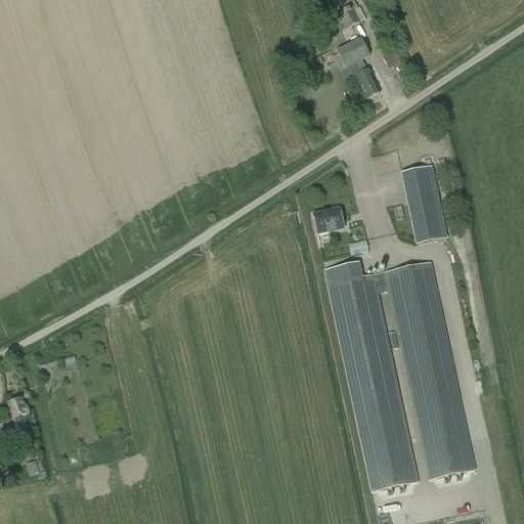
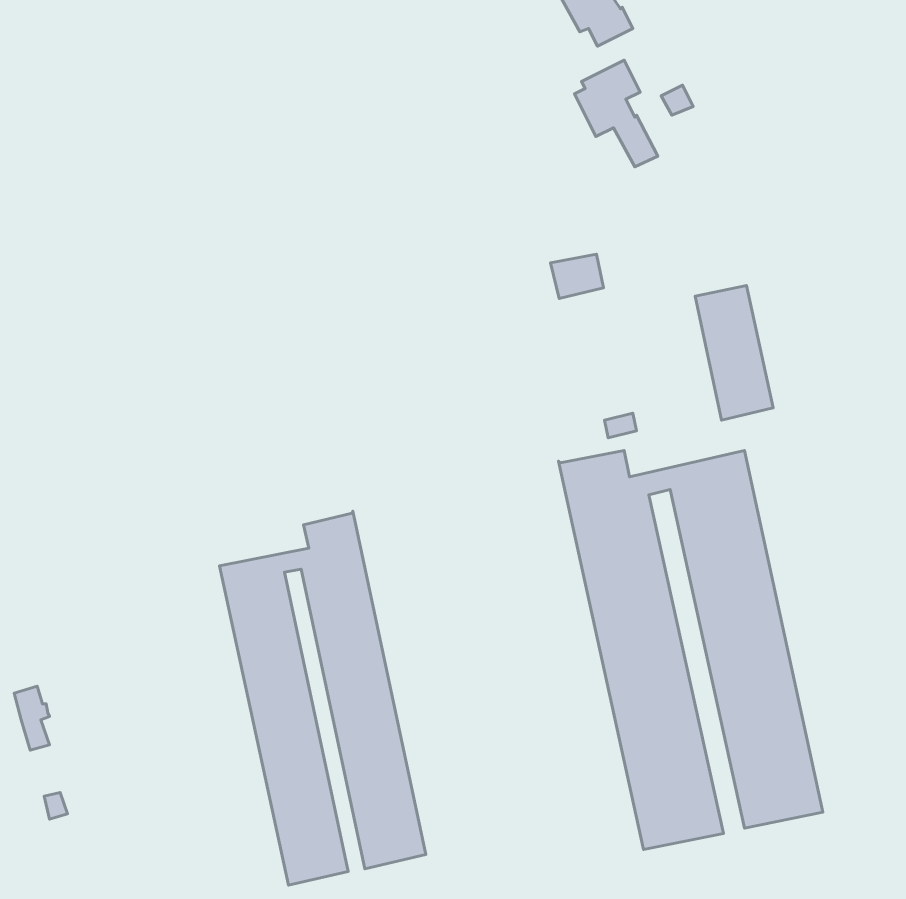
building: [312,206,343,231] -> [550,254,604,298]
building: none -> [219,511,426,885]

